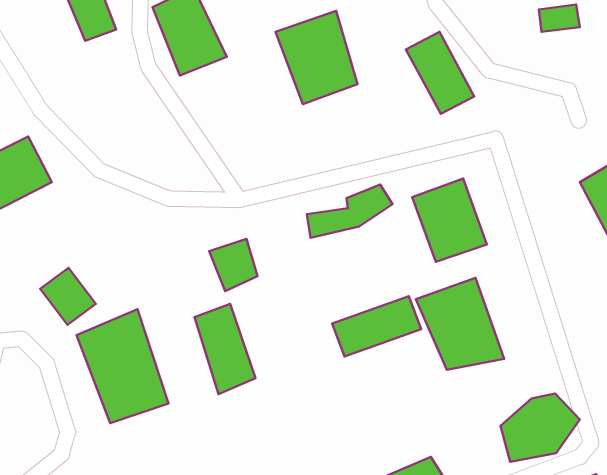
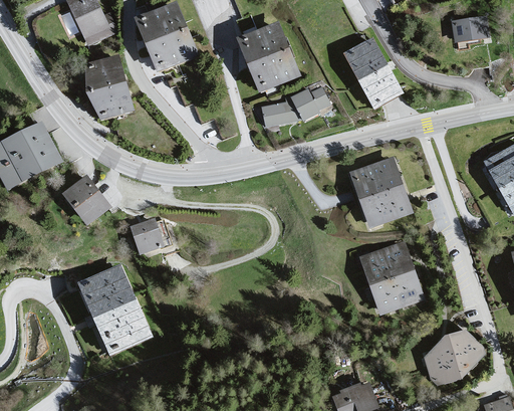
building: none -> [88,56,139,122]
building: [307,184,393,238] -> [260,86,329,130]
building: [209,239,258,291] -> [128,215,168,257]
building: [40,268,96,325] -> [62,176,107,222]
building: [332,296,421,356] -> none
building: [194,304,255,394] -> none

